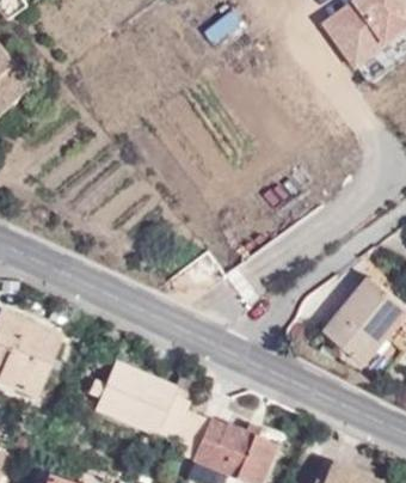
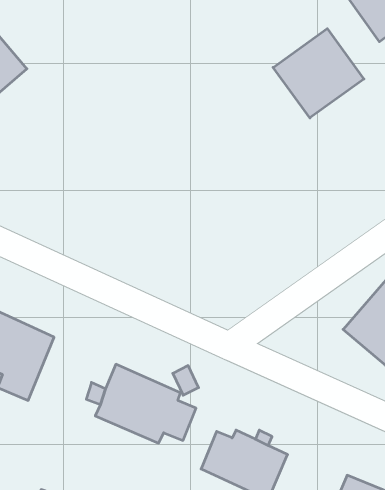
building: none -> [273,29,364,118]

